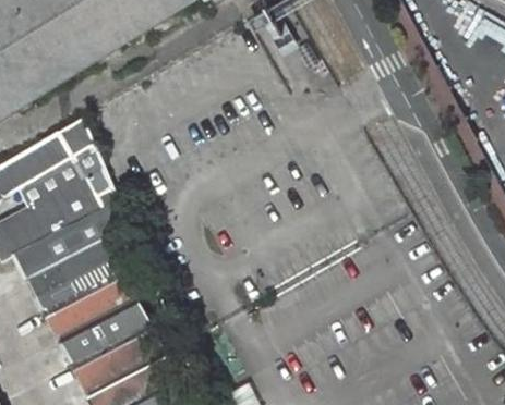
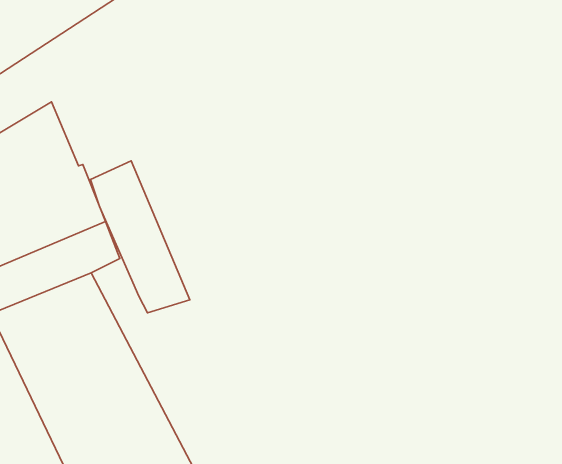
building: none -> [91,161,190,313]

